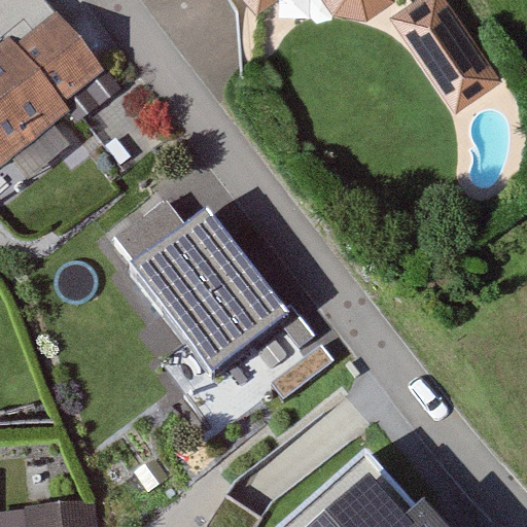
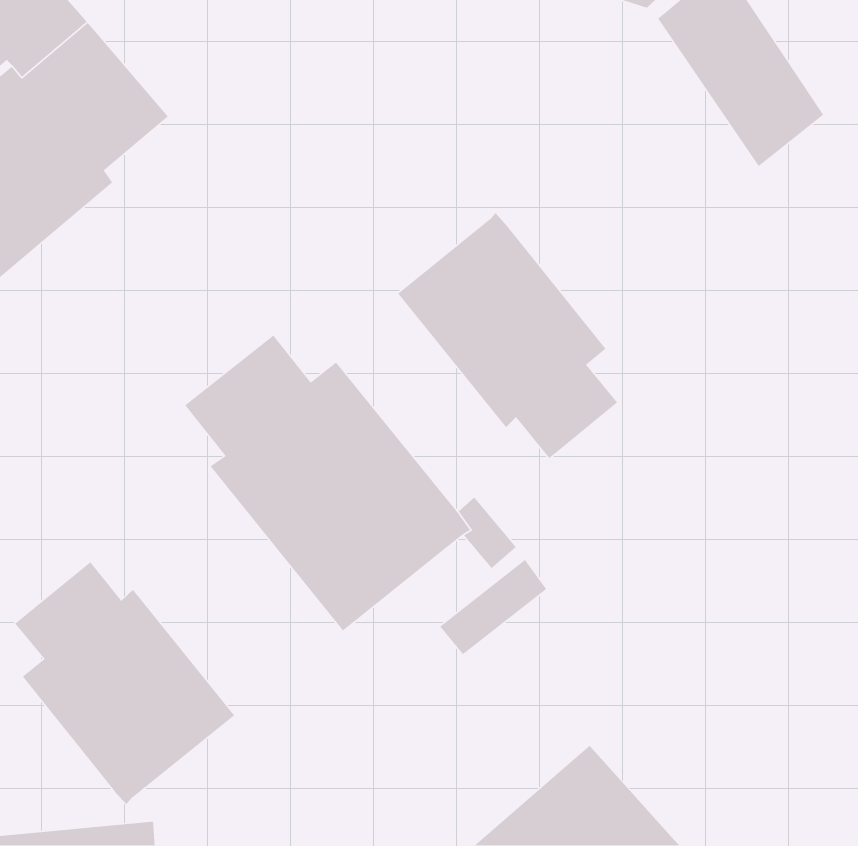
building: none -> [397,212,618,459]
building: none -> [14,561,235,805]

